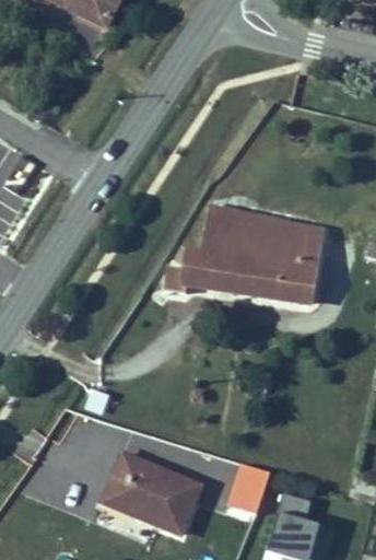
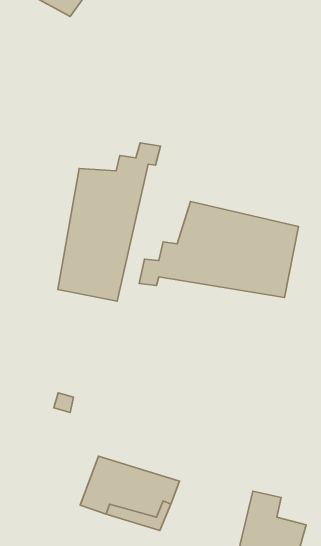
building: none -> [58,143,160,301]
building: [227,462,271,514] -> none

